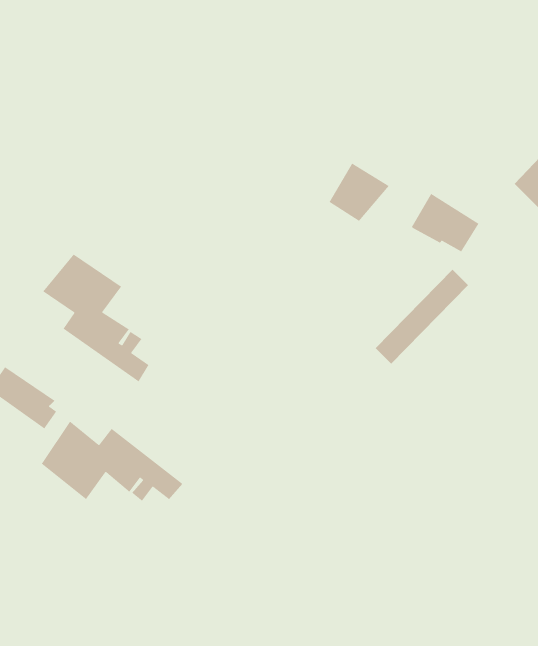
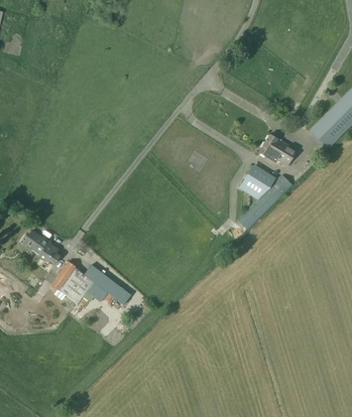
building: [328,162,390,222] -> [240,166,274,199]
building: [42,253,150,382] -> none

